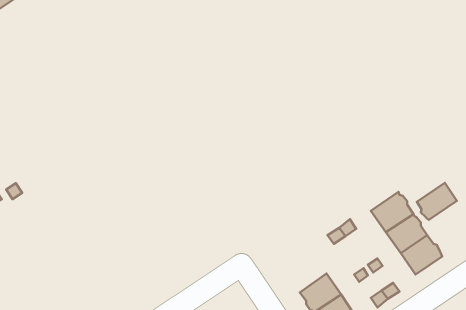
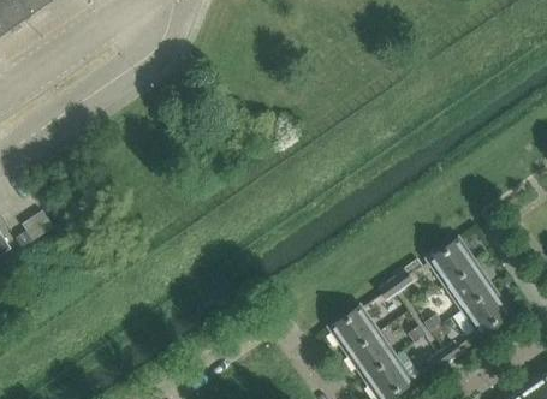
building: [417,183,457,220] -> none
building: none -> [331,308,377,353]

